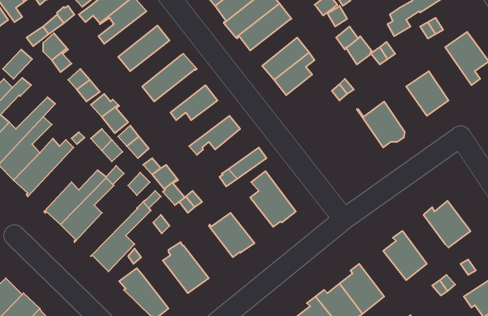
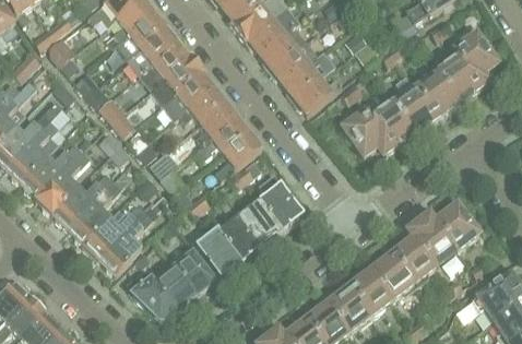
building: none -> [111,13,165,59]
building: none -> [258,22,305,68]
building: none -> [138,43,189,88]
building: none -> [437,49,479,103]
building: none -> [162,71,213,119]
building: none -> [294,76,341,112]
building: none -> [392,88,435,134]
building: none -> [195,103,237,149]
building: none -> [342,111,391,157]
building: none -> [214,131,261,179]
building: none -> [35,150,90,214]
building: none -> [238,200,281,246]
building: none -> [82,202,145,259]
building: none -> [406,212,453,266]
building: none -> [194,228,240,277]
building: none -> [367,253,414,299]
building: none -> [151,263,195,311]

